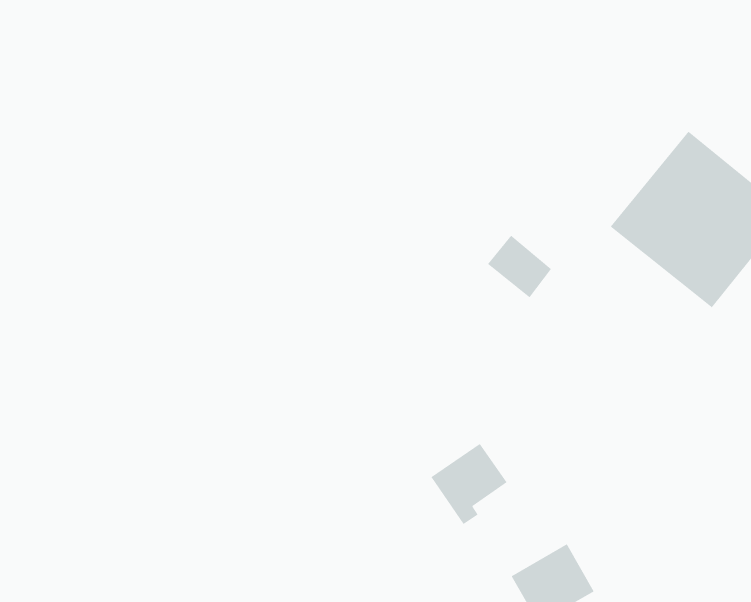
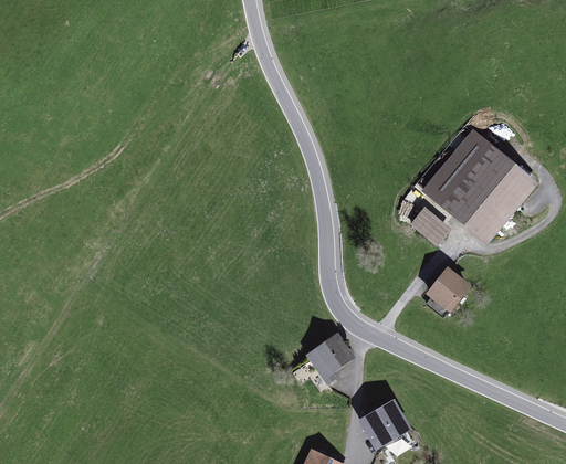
building: [487,235,552,298] -> [409,205,451,246]
building: none -> [424,264,472,318]

